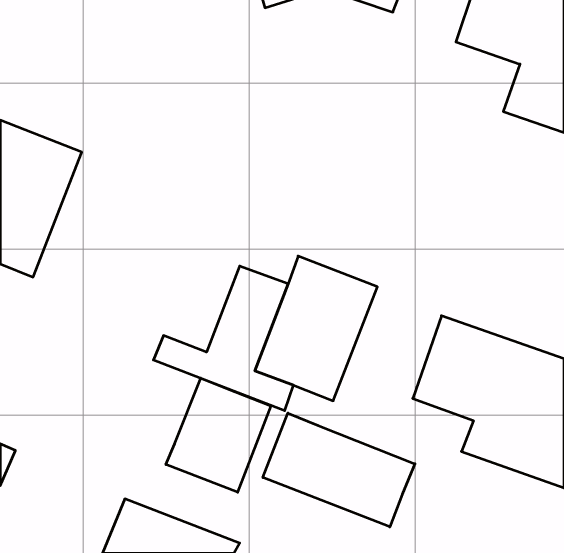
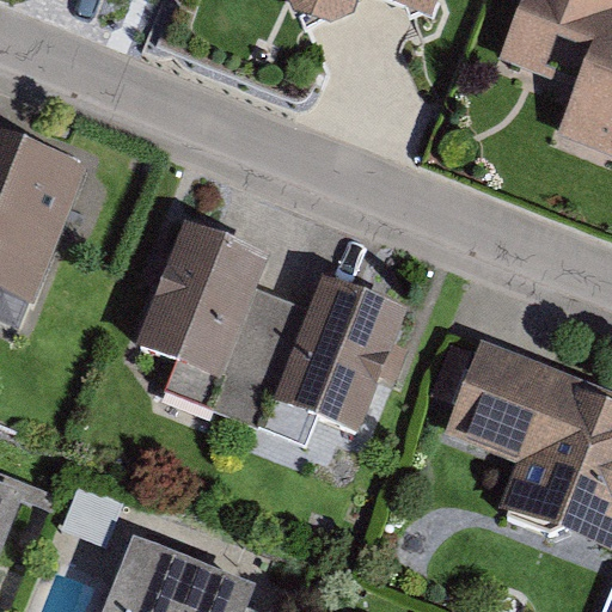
building: none -> [137,222,273,381]
building: [166,378,271,492] -> none
building: [263,413,415,527] -> none

